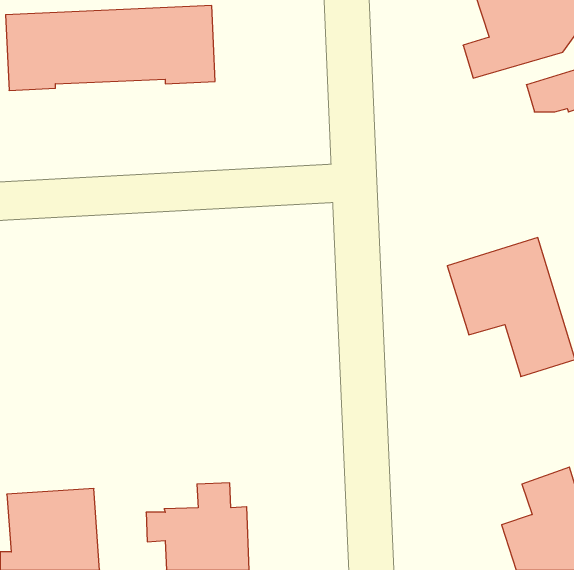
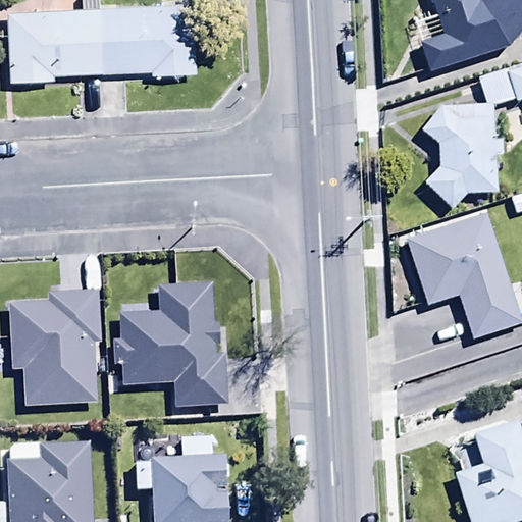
building: none -> [421,104,505,209]
building: none -> [113,281,229,407]
building: none -> [9,289,102,404]

